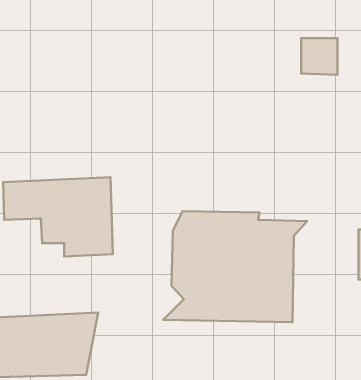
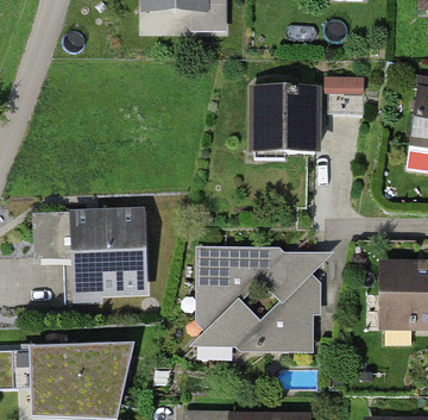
building: none -> [253,86,315,156]

